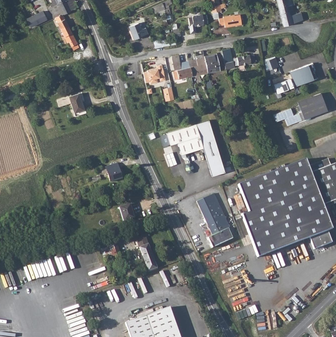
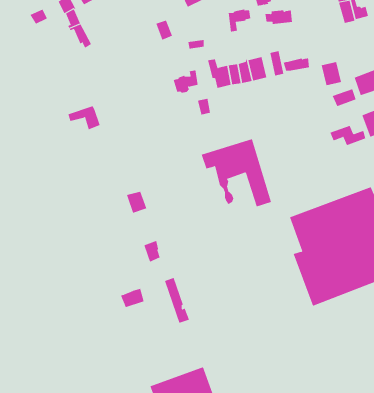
building: [198,193,233,248] -> none

